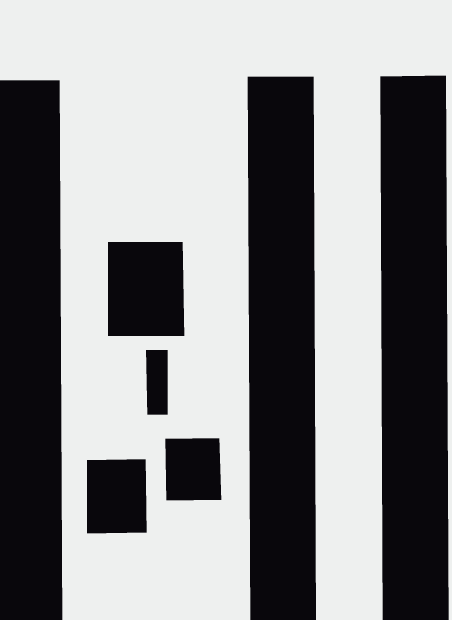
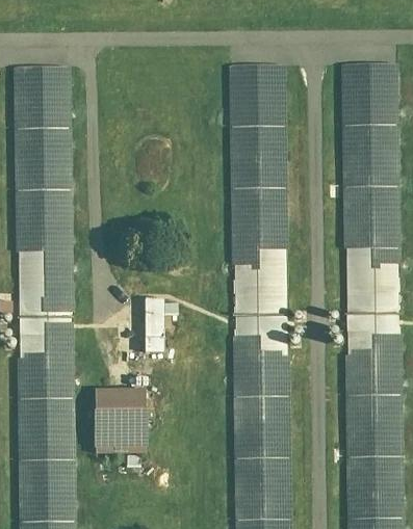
building: [107,241,185,337] -> none
building: [164,437,222,501] -> none

